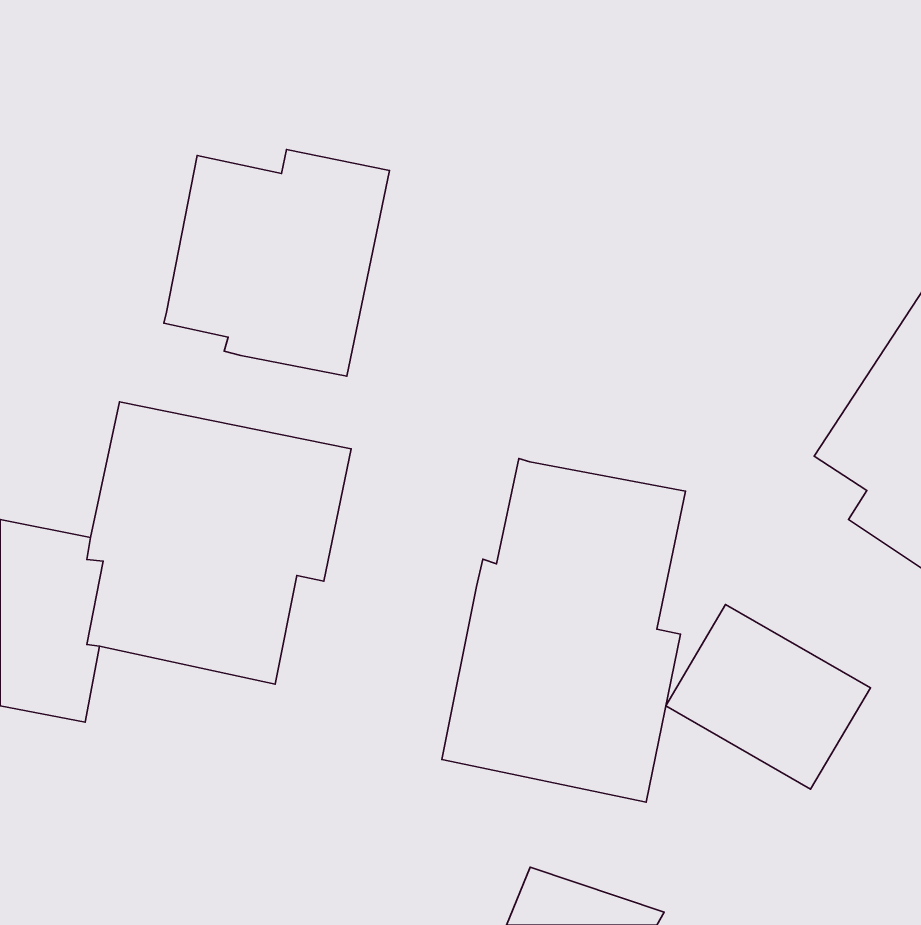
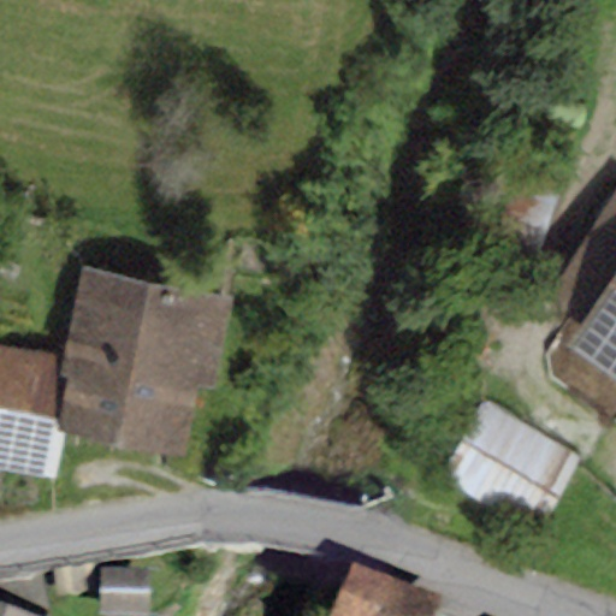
building: [164,149,389,376] -> none
building: [442,458,686,802] -> none

